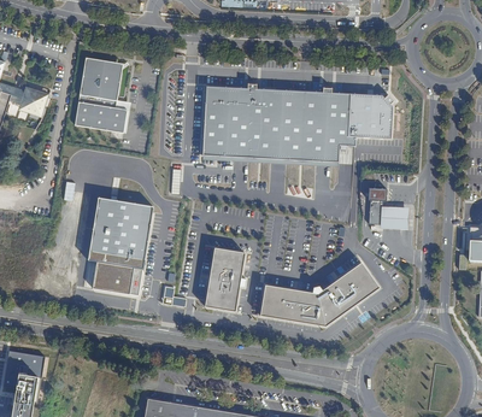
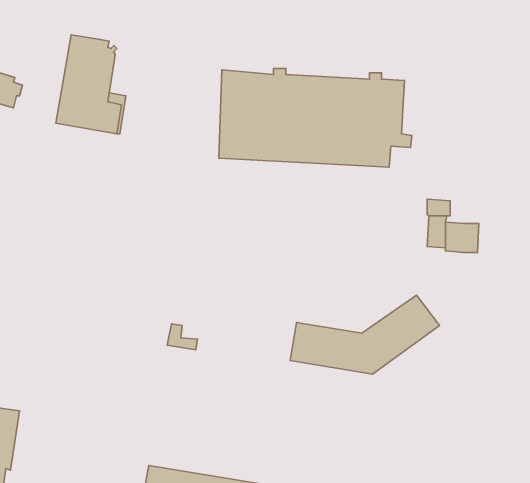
building: [348,93,394,137] -> none
building: [87,195,153,295] -> none
building: [205,247,245,311] -> none

